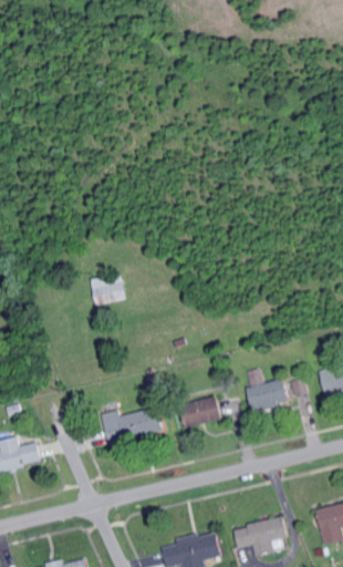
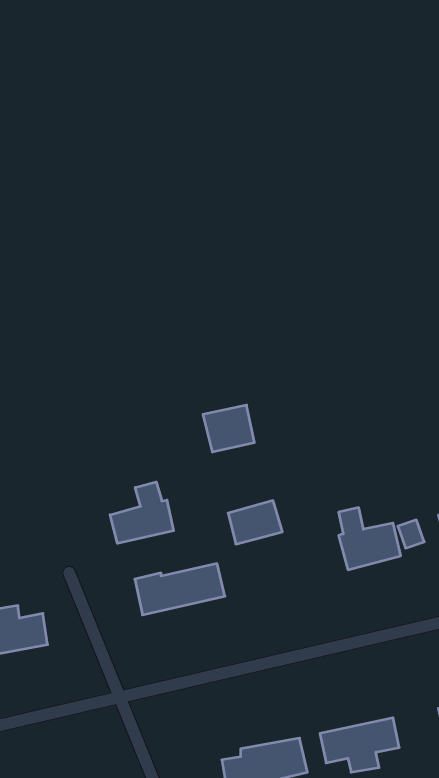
building: [90,272,126,306] -> [203,405,254,452]
building: none -> [110,482,174,543]
building: [184,396,222,427] -> [228,501,282,544]

